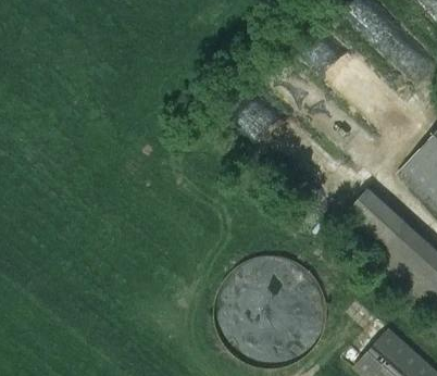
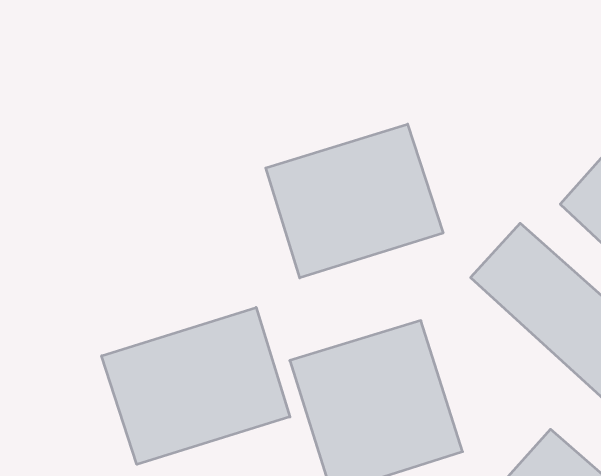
building: none -> [266,124,443,278]
building: none -> [102,307,290,464]

